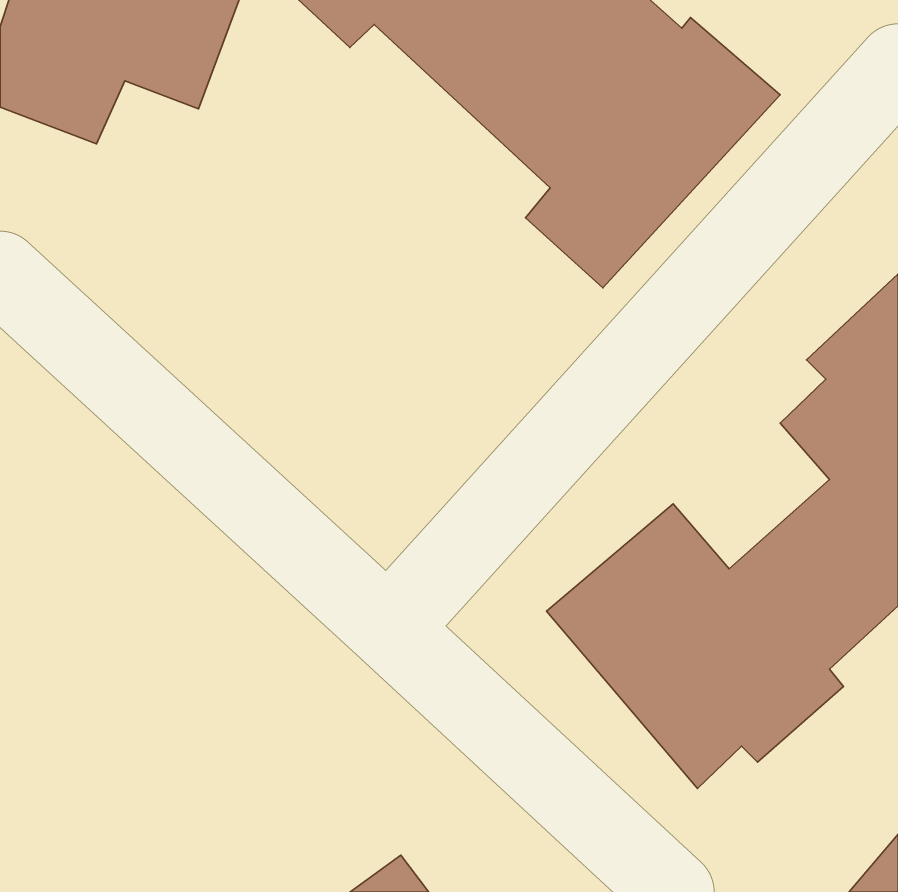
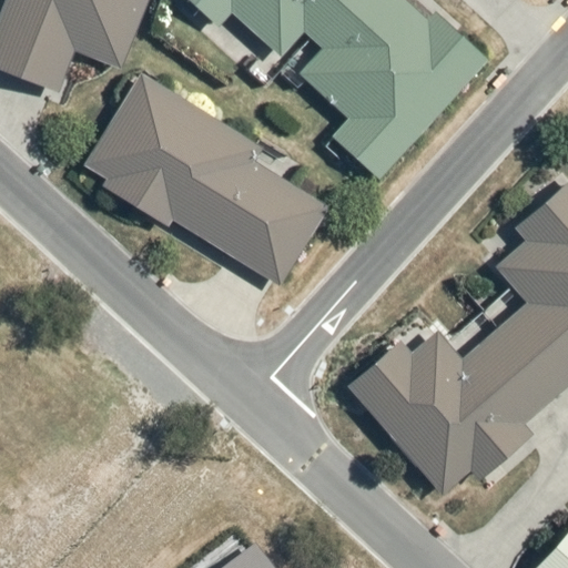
building: none -> [84,73,327,285]

